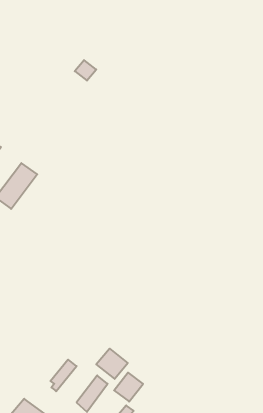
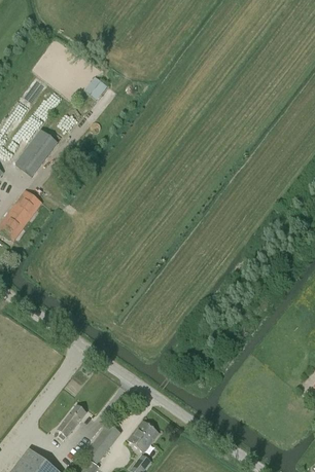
building: none -> [16,126,60,176]
building: [96,349,128,379] -> none

